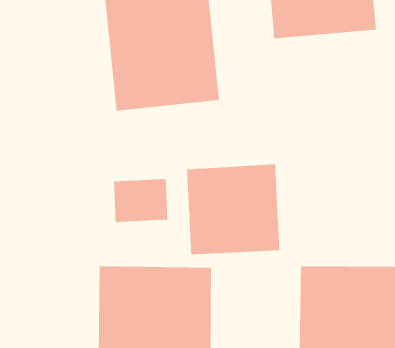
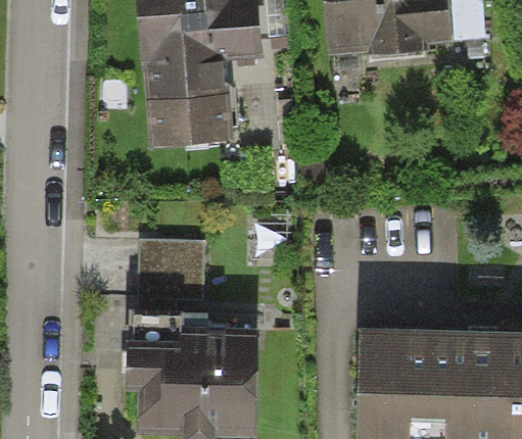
building: [186,164,280,255] -> none

